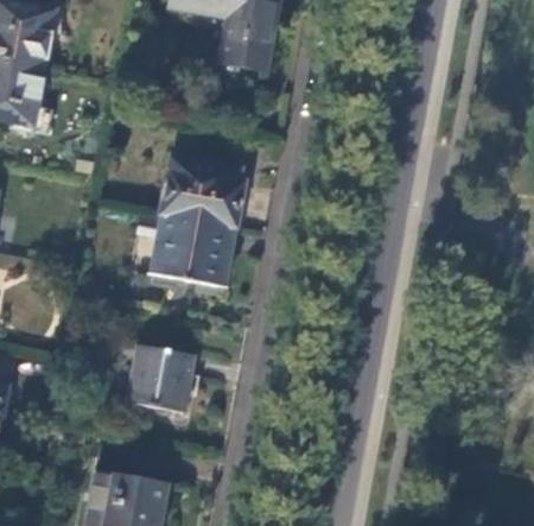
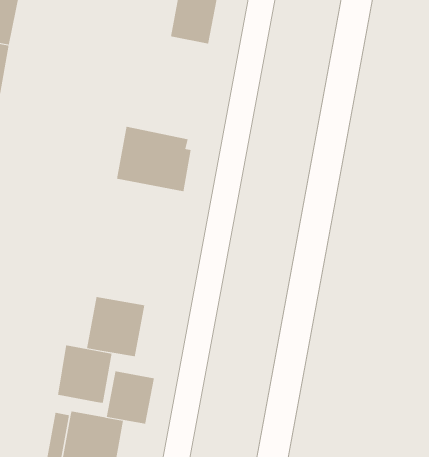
building: [151,216,237,289] -> none
building: none -> [58,345,112,403]
building: none -> [106,371,155,425]

